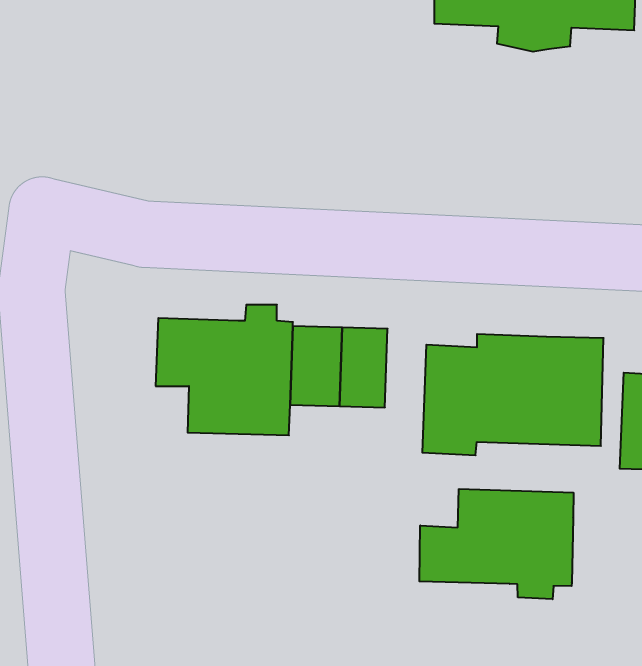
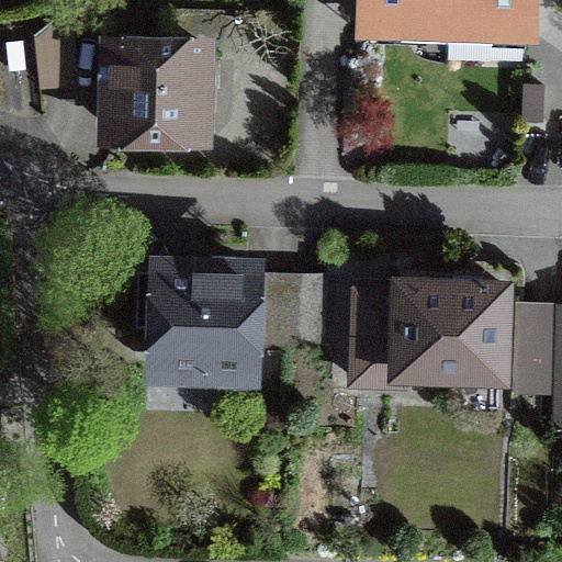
building: none -> [114,42,205,133]
building: [419,489,573,599] -> none

